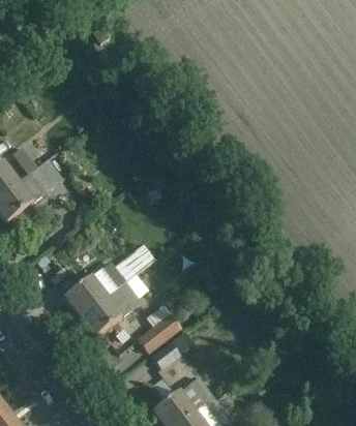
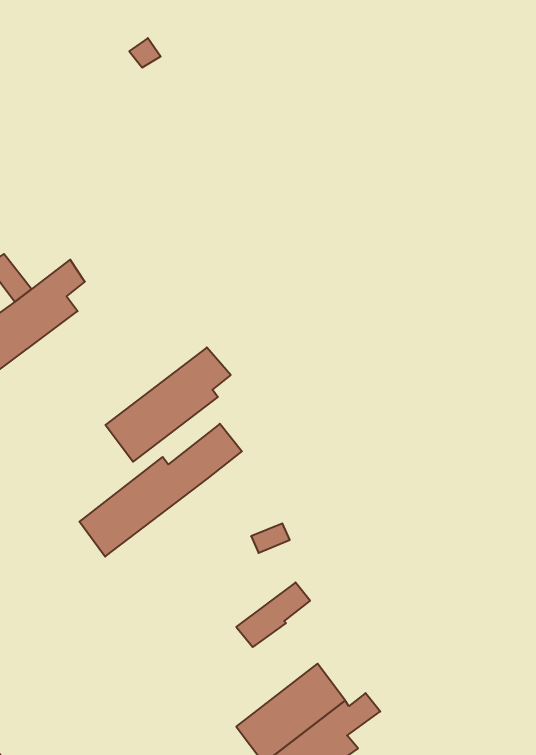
building: [78,271,148,335] -> [105,347,231,462]
building: [140,312,179,351] -> none

